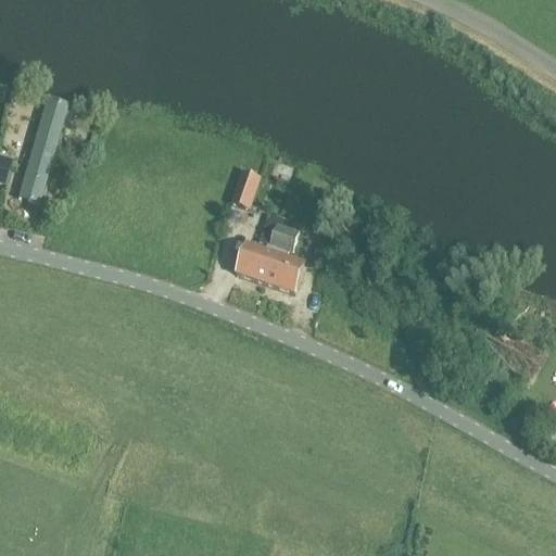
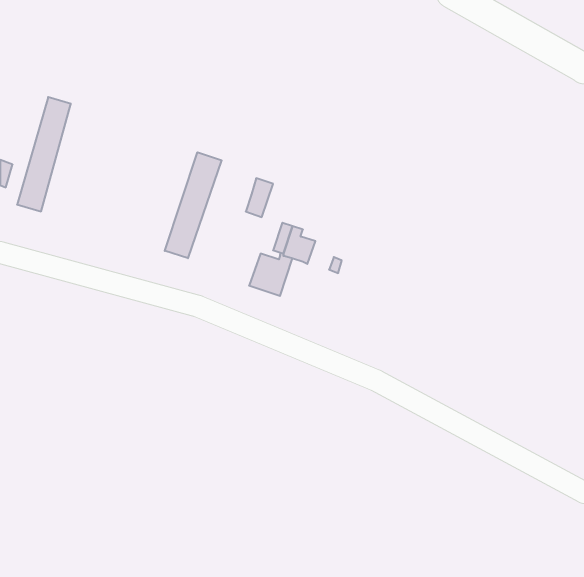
building: none -> [165,152,222,258]
building: [266,245,306,291] -> none

